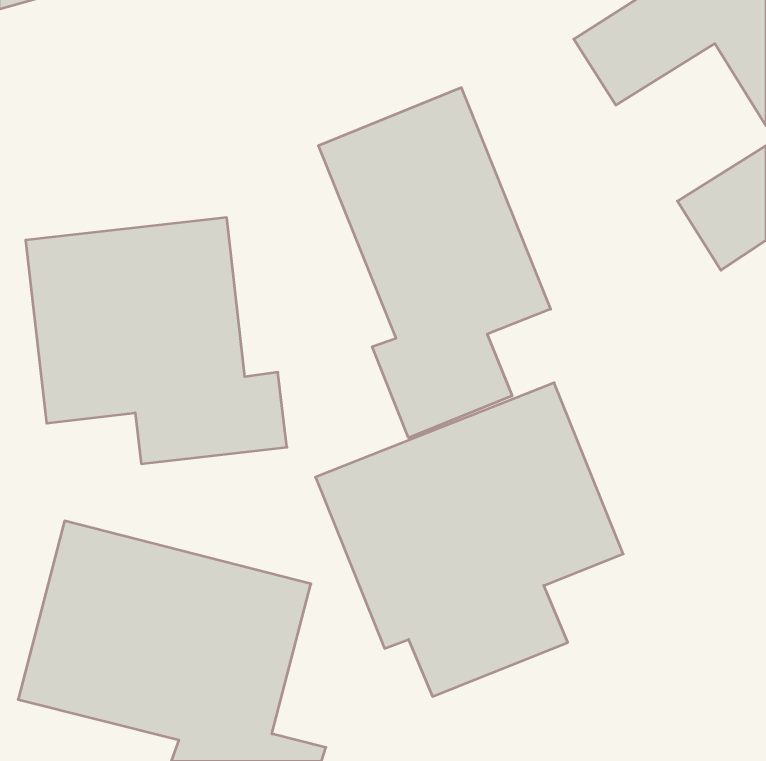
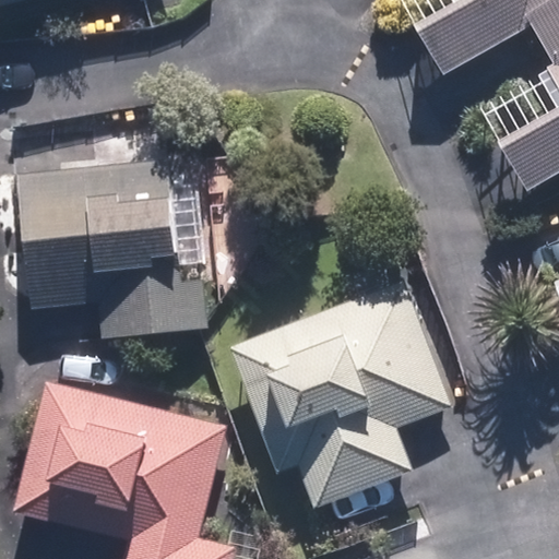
building: [318,88,551,438] -> none

